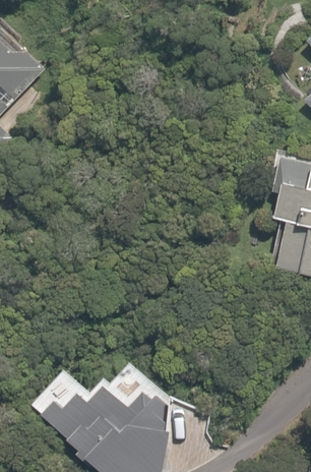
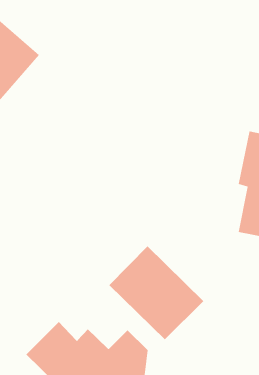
building: none -> [108,245,204,340]

